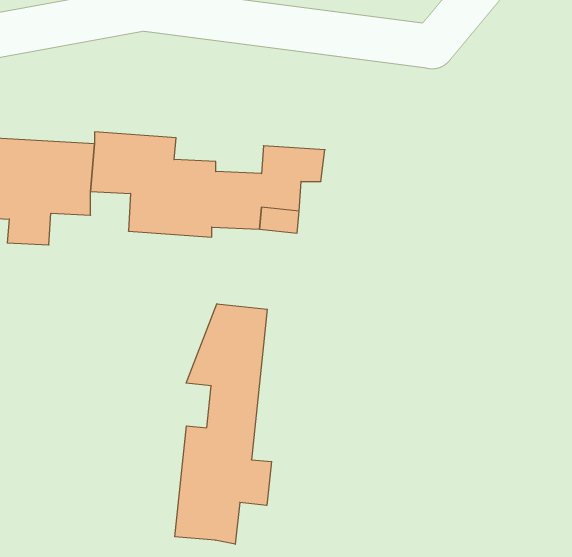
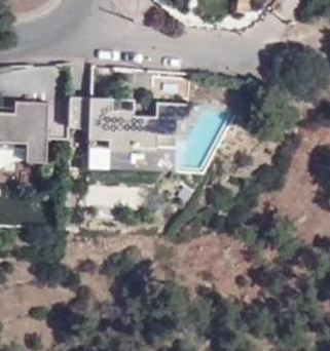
building: [175,304,272,544] -> none

